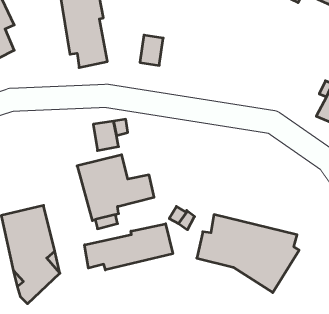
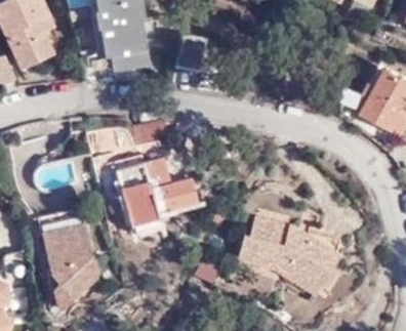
building: [85,224,173,270] -> none

